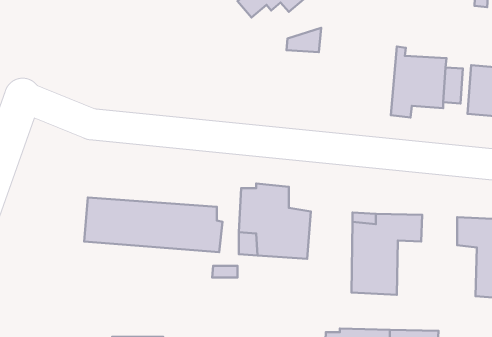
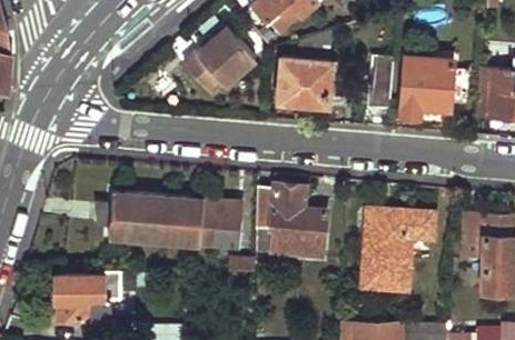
building: none -> [186,31,255,100]
building: none -> [283,61,334,110]
building: none -> [368,61,394,113]
building: none -> [56,277,113,319]

